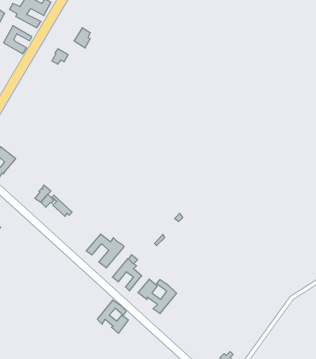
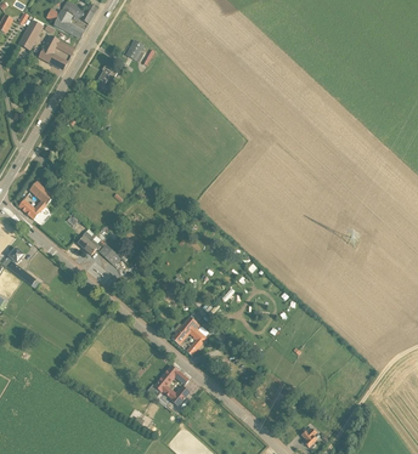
building: [86,234,124,268] -> none
building: [138,279,177,314] -> none

